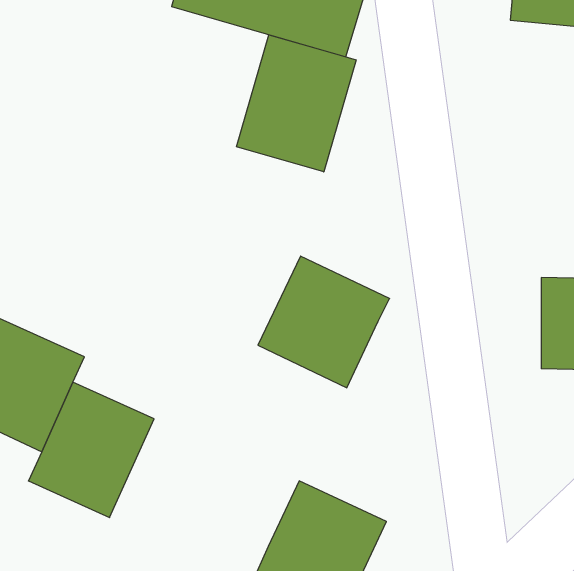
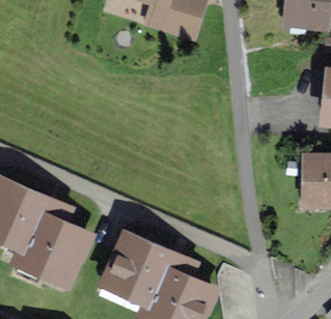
building: [236,35,356,172] -> none
building: [258,256,390,388] -> [107,232,177,302]

